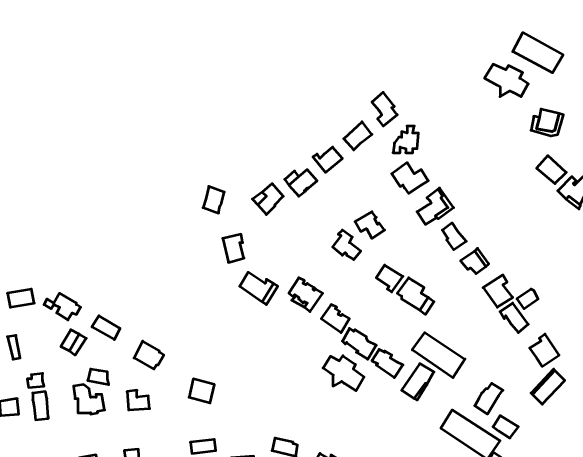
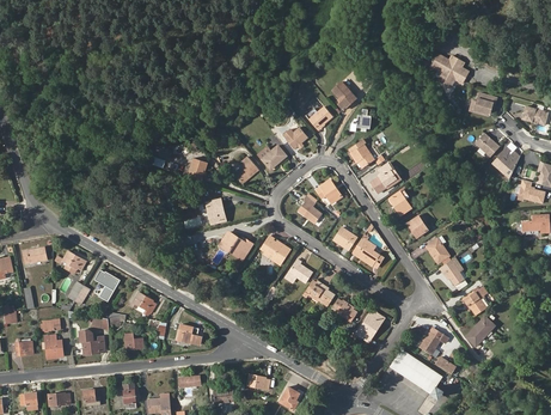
building: [513,33,563,73] -> none
building: [412,333,465,378] -> none
building: [323,356,364,391] -> none

